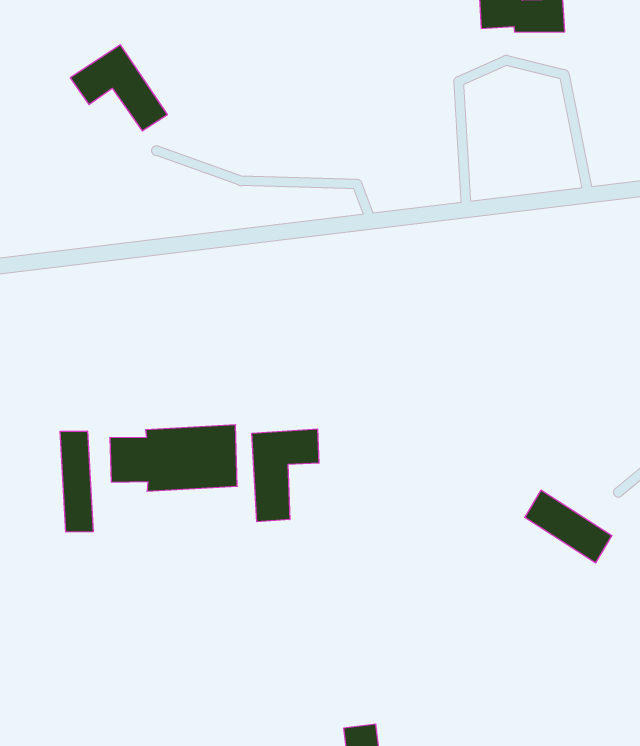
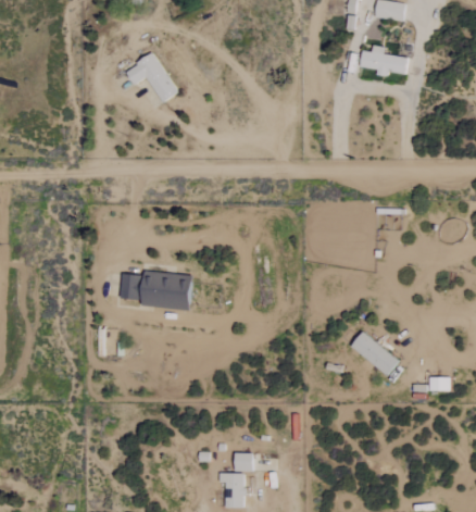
building: [252,429,319,522] -> none
building: [60,431,93,532] -> none

